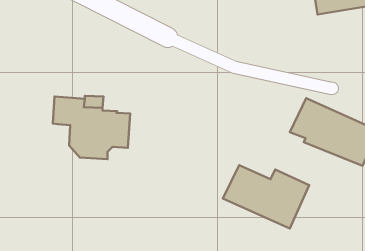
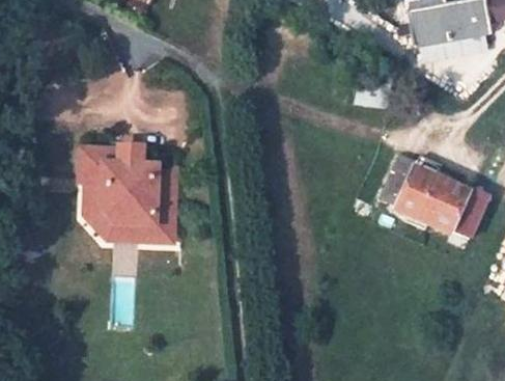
building: none -> [82,186,173,249]
building: [223,165,309,229] -> none

